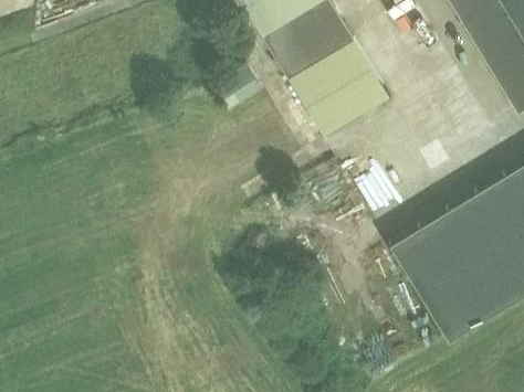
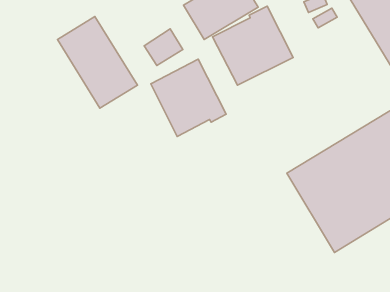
building: none -> [57,16,137,108]
building: none -> [151,59,226,136]

